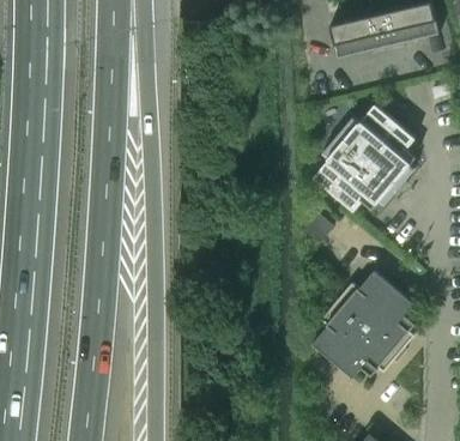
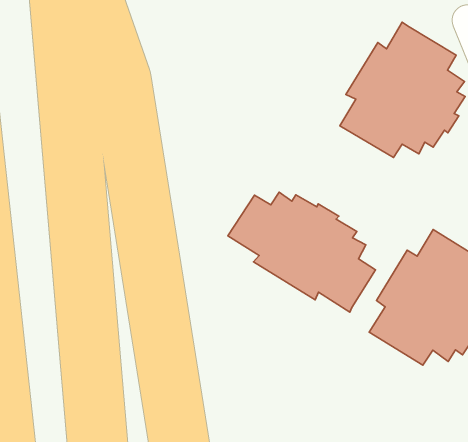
building: none -> [228,192,375,312]

